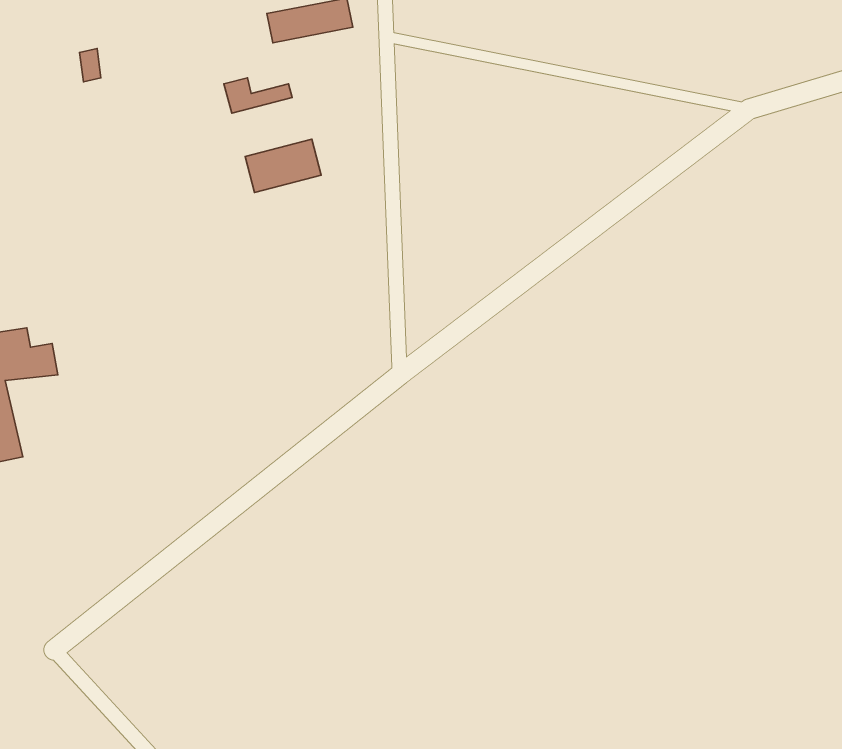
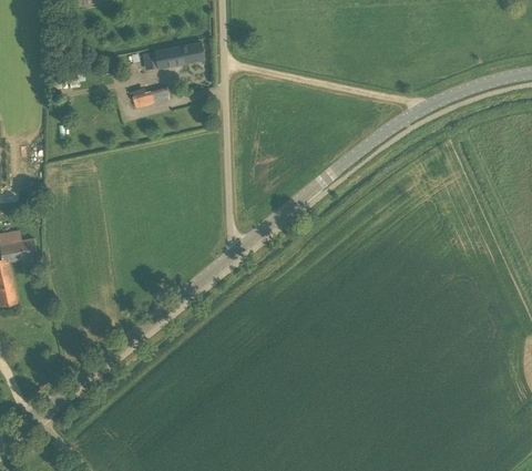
building: [245,139,321,193] -> none

